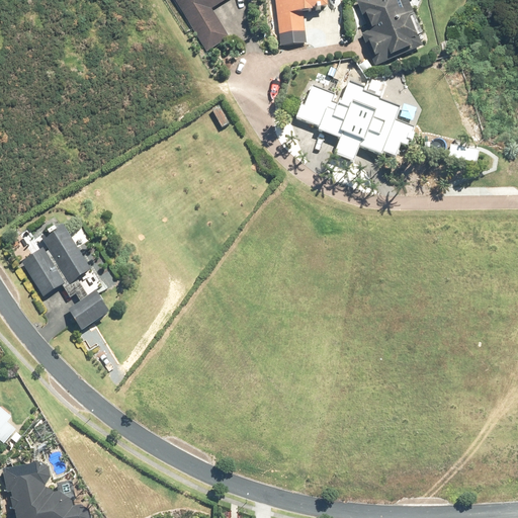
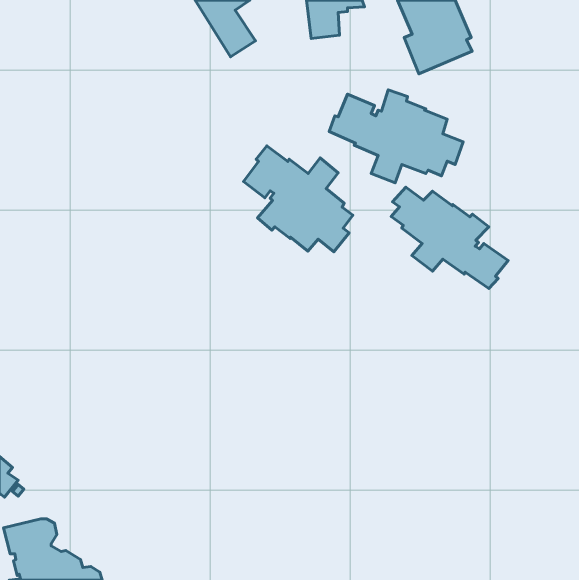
building: none -> [243,146,353,252]
building: none -> [391,187,508,289]
building: [22,226,112,330] -> none

